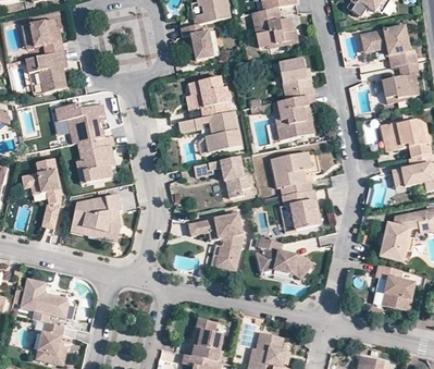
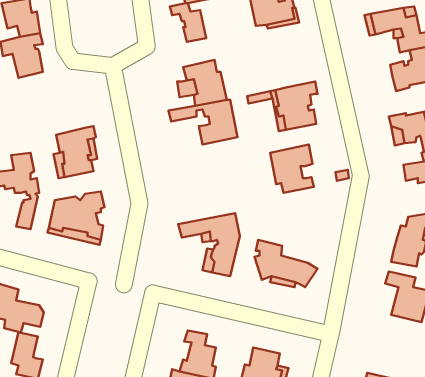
building: [278,60,312,100] -> none
building: [58,103,107,143] -> none
building: [195,157,251,198] -> none
building: [280,189,317,231] -> none

